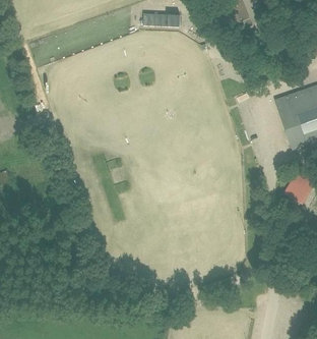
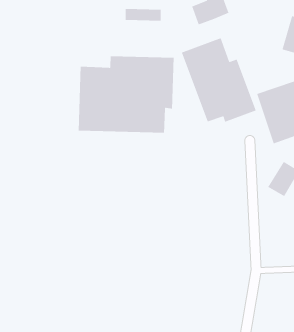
building: none -> [181,37,257,123]
building: none -> [78,55,175,134]

